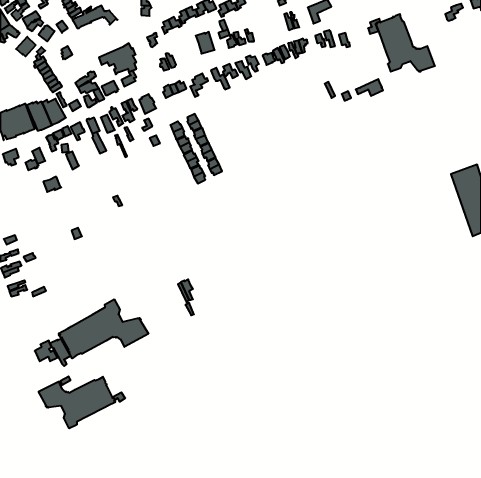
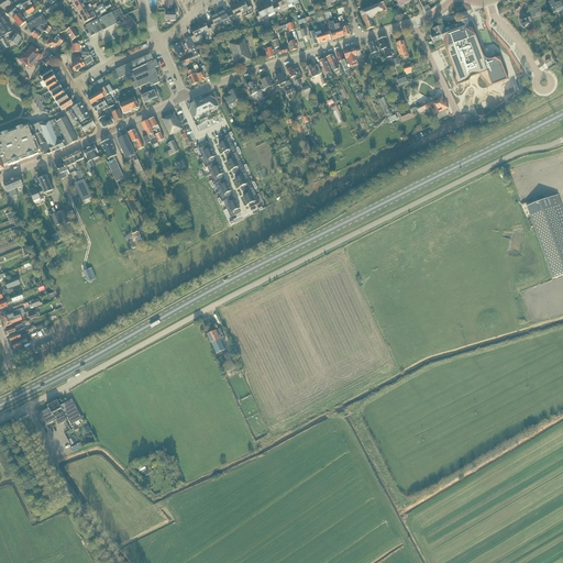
building: [59,299,148,358] -> none
building: [39,377,115,428] -> none

